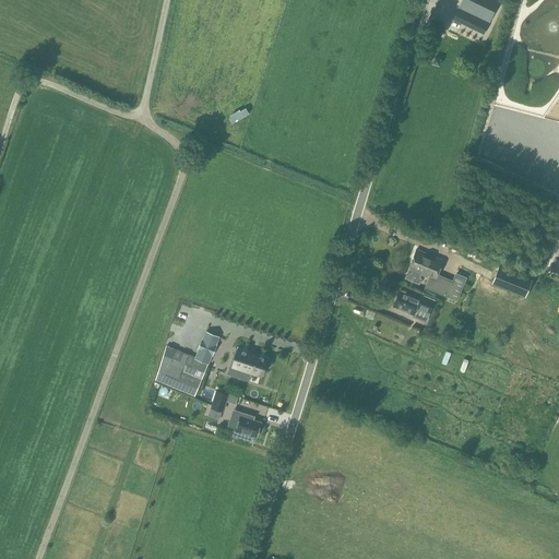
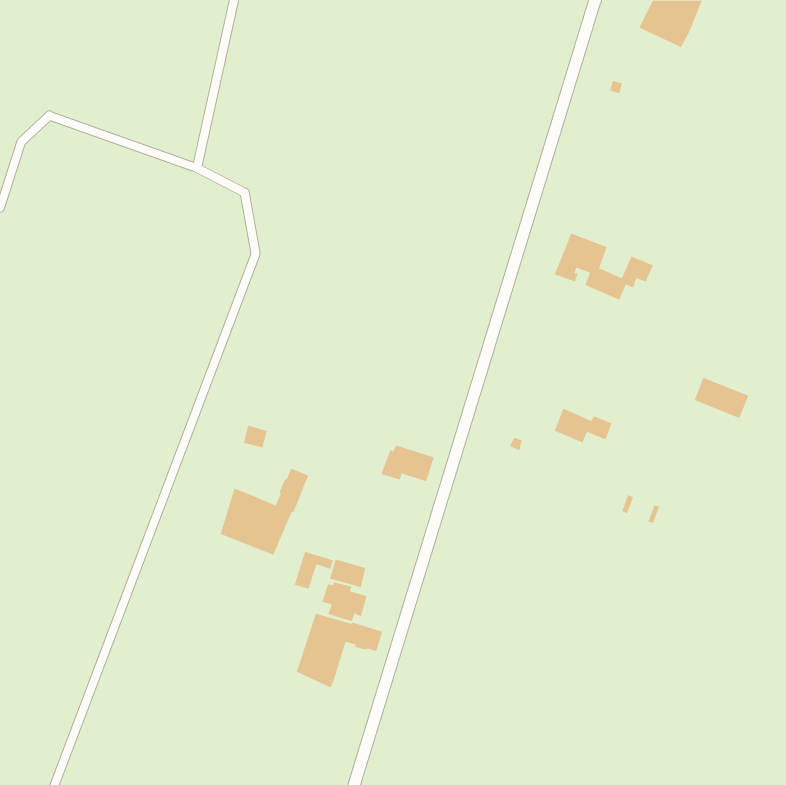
building: [405,250,476,298] -> [554,233,654,301]
building: [228,350,266,377] -> [381,445,434,482]
building: none -> [296,613,383,689]

